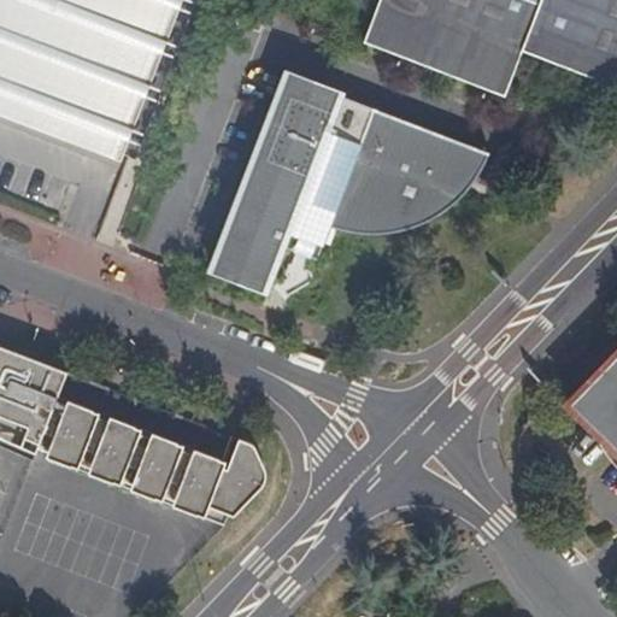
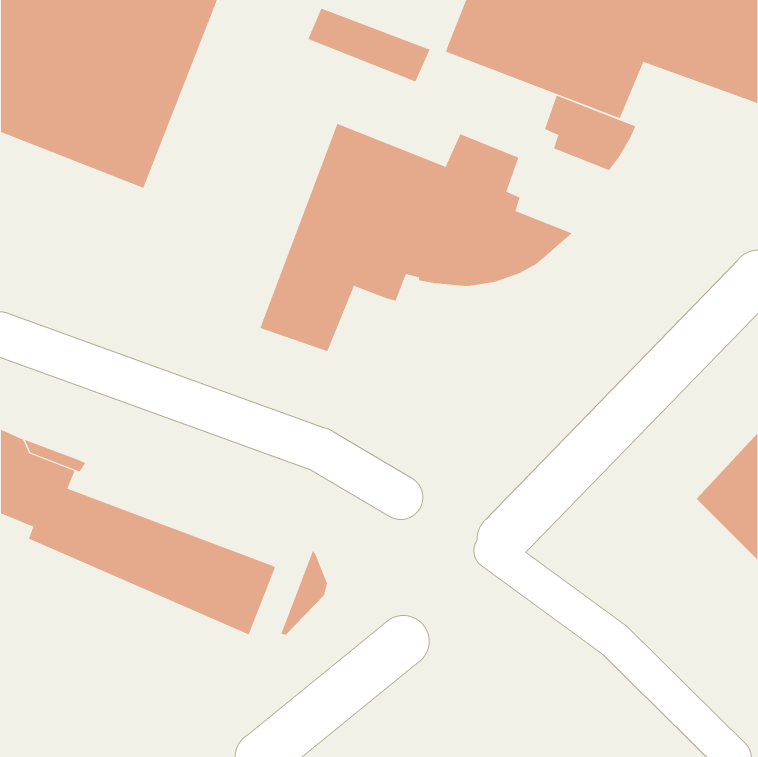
building: [274,75,374,135] -> [307,8,431,82]
building: [412,128,487,189] -> [544,95,636,171]
building: [202,436,254,525] -> none

